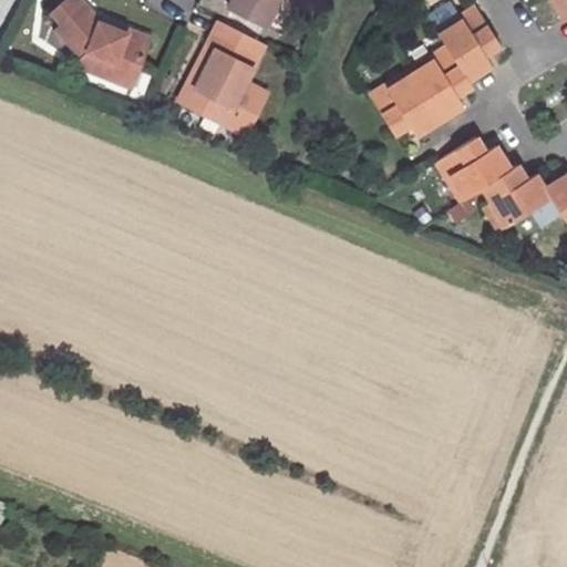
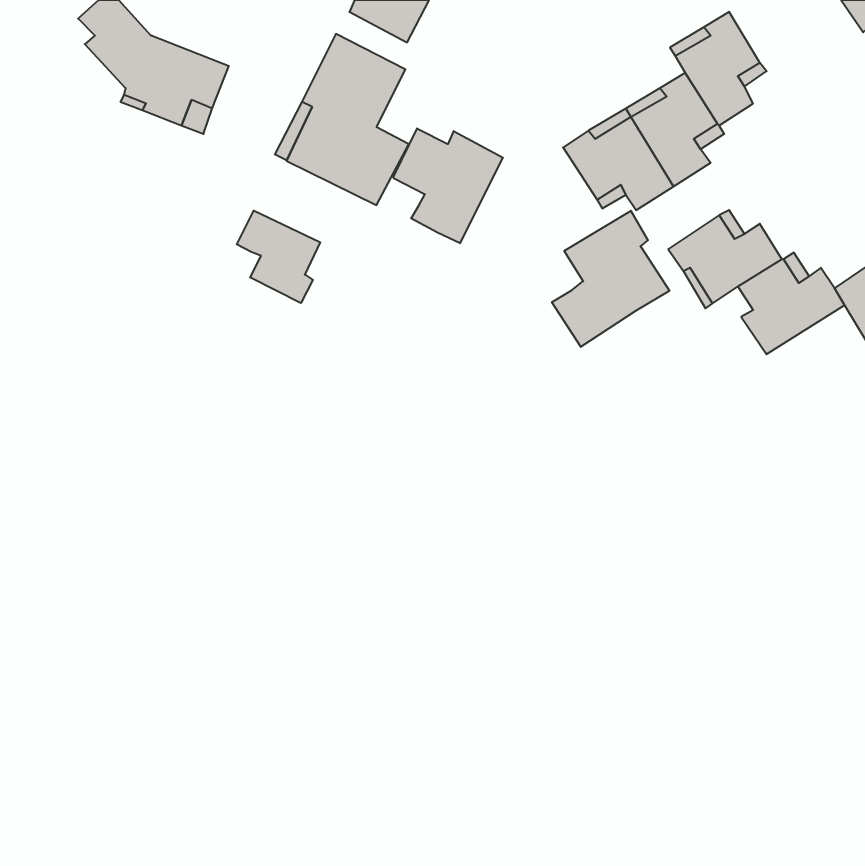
building: none -> [394,128,503,243]
building: none -> [237,211,320,303]
building: none -> [552,211,669,347]

